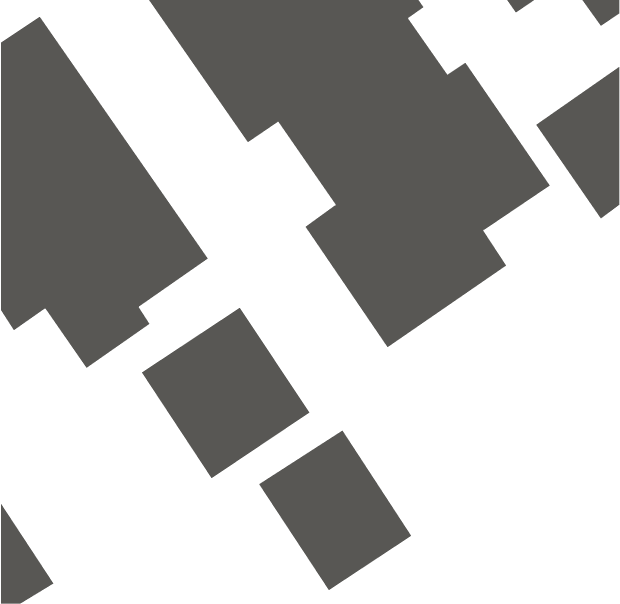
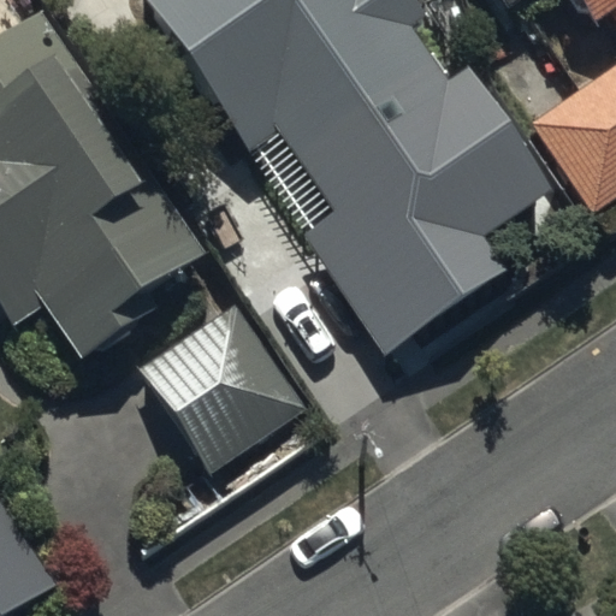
building: [258,430,412,591] -> none

